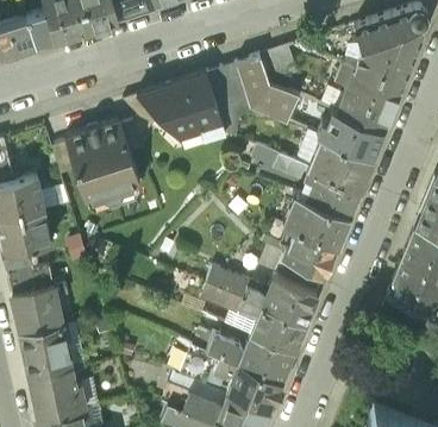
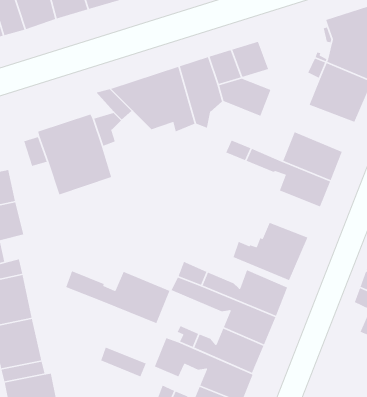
building: [318,112,384,161] -> none
building: [286,196,350,246] -> none
building: none -> [65,270,171,324]

